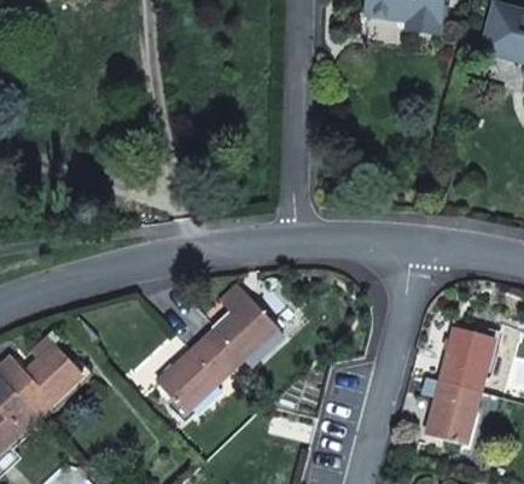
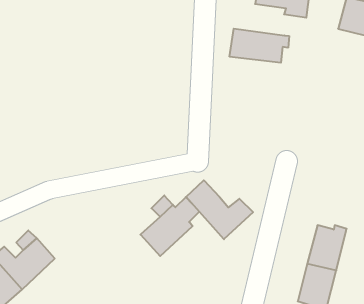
building: none -> [230,29,289,63]
building: none -> [186,180,253,239]
building: [156,340,231,414] -> none

